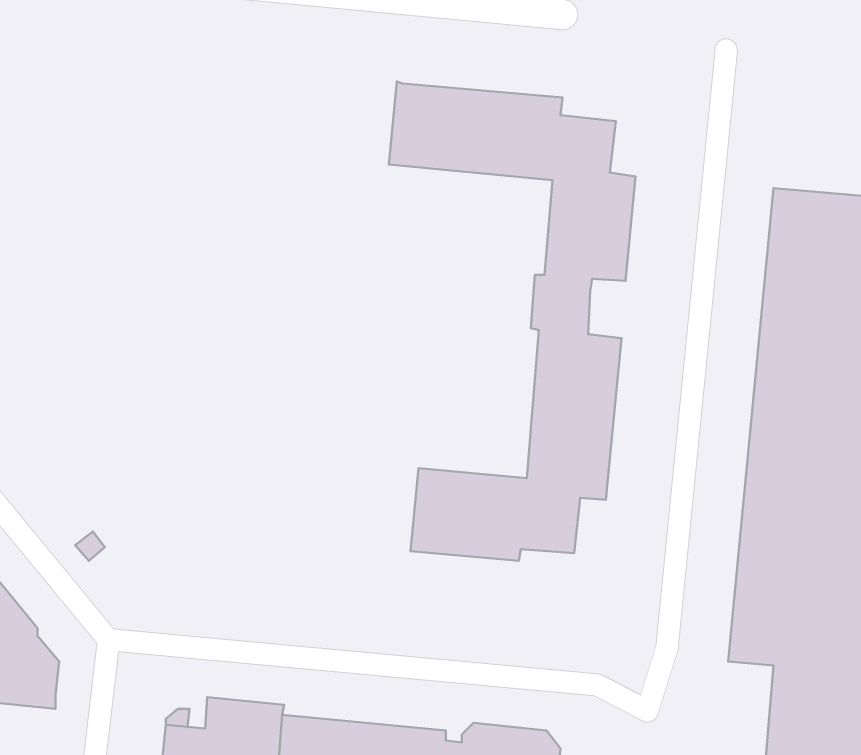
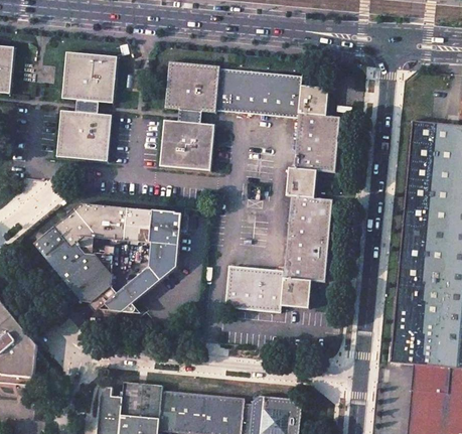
building: none -> [56,49,120,162]
building: none -> [160,59,222,170]
building: none -> [34,203,188,311]

